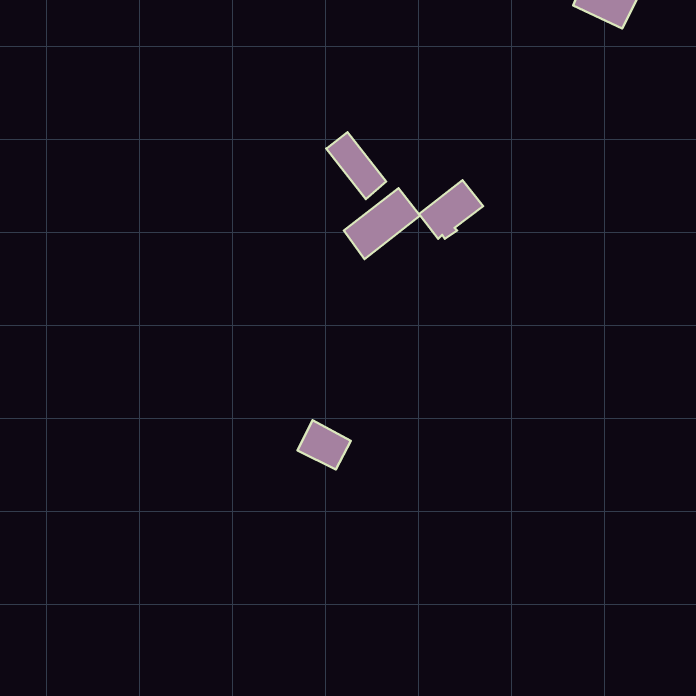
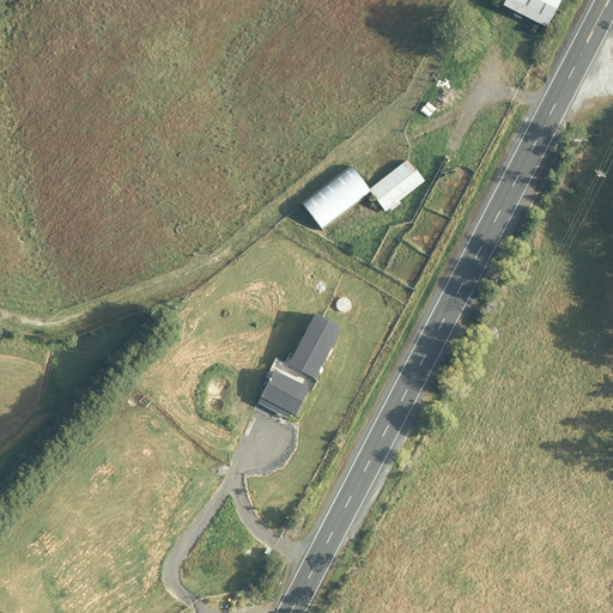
building: [326,132,386,199] -> none
building: none -> [289,314,340,377]

